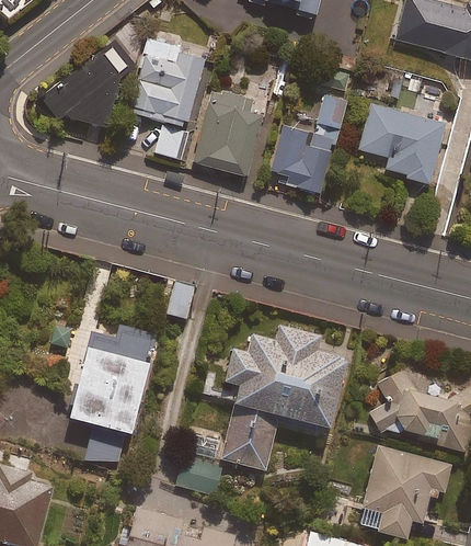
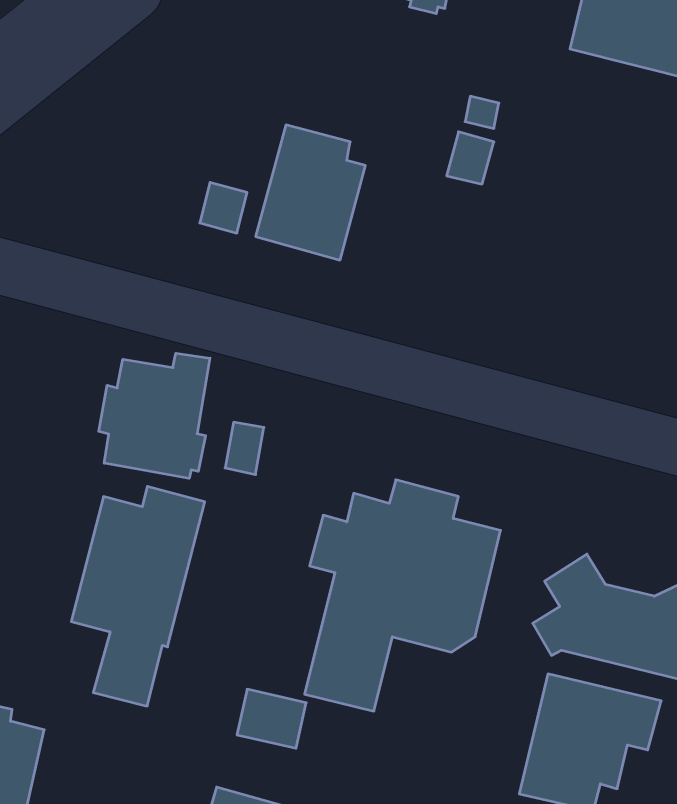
building: [128,42,202,127] -> none
building: [39,52,114,127] -> none
building: [356,105,440,183] -> none
building: [269,126,332,194] -> none
building: none -> [99,353,210,478]

